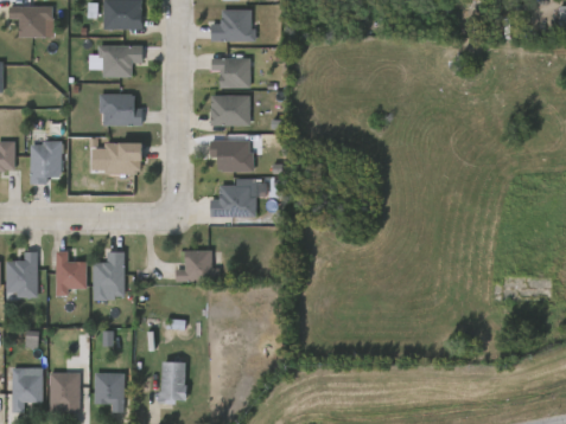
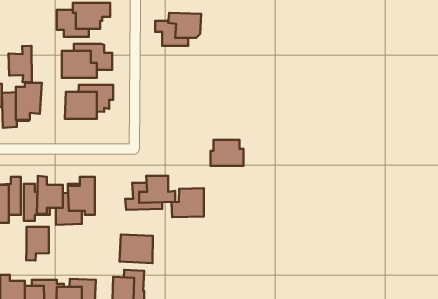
building: [214,94,246,123] -> none
building: none -> [9,46,32,82]
building: [212,139,250,169] -> none
building: [212,184,252,214] -> [210,140,243,166]
building: none -> [172,188,204,217]
building: none -> [26,227,49,261]
building: none -> [120,234,153,263]

